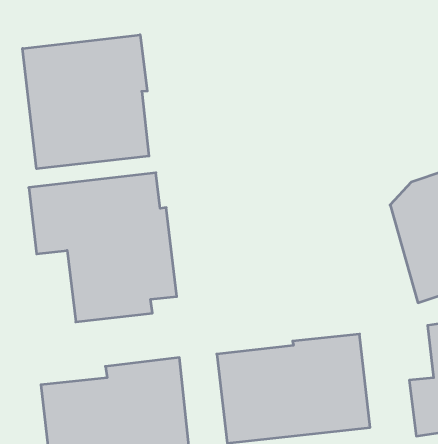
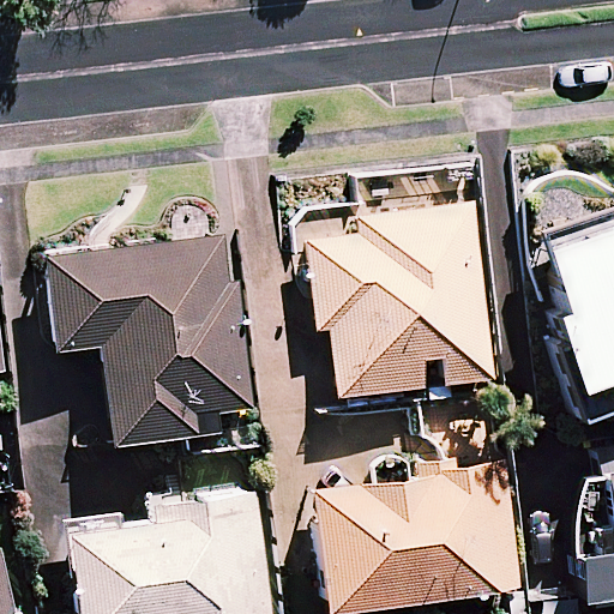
building: [23,35,149,169] -> none
building: none -> [308,206,493,397]

